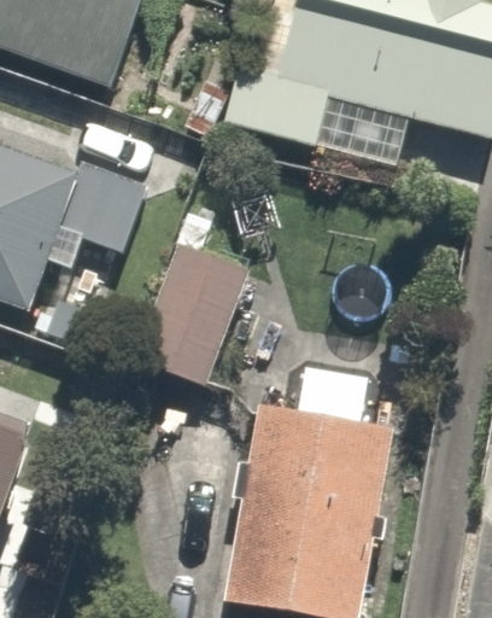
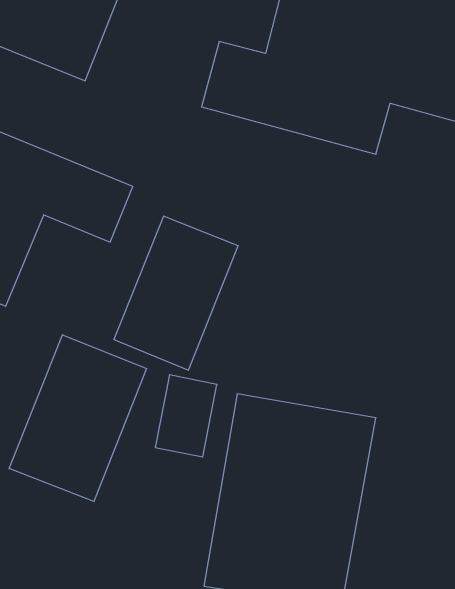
building: none -> [9,335,147,502]

